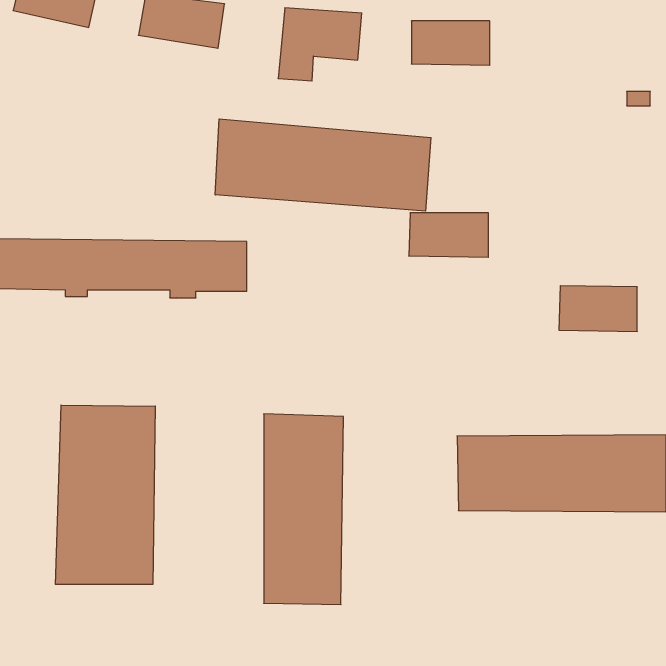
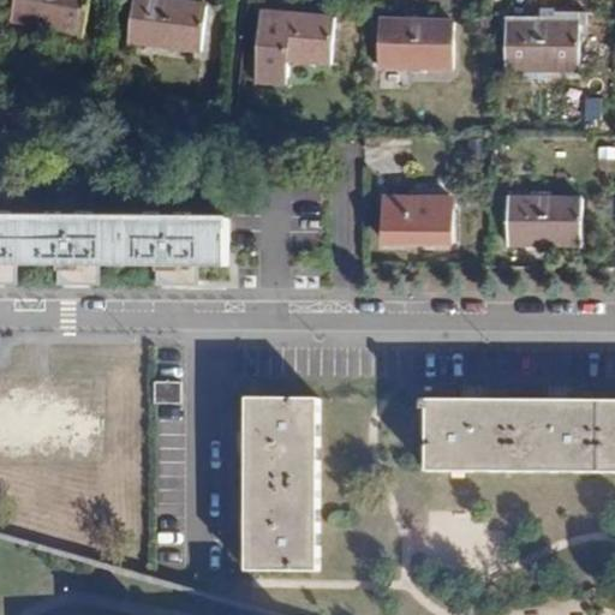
building: none -> [503,8,577,61]
building: [215,119,431,211] -> none
building: [559,286,637,331] -> [502,196,574,238]
building: [55,405,155,584] -> none

